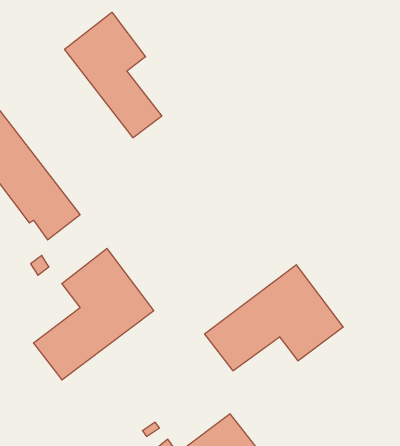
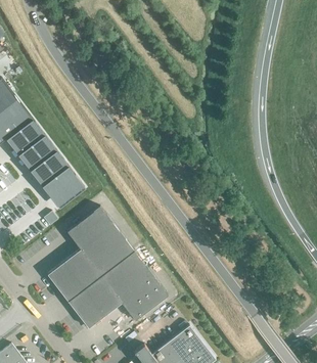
building: [65,12,162,138] -> none
building: [205,265,343,371] -> [66,252,167,328]

